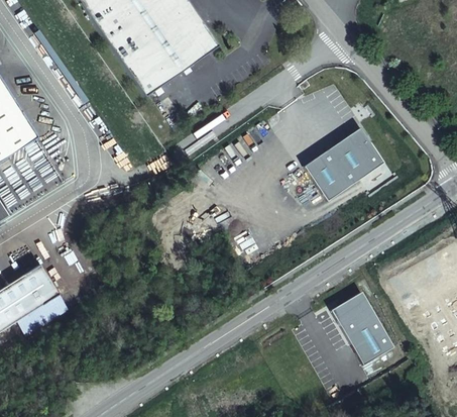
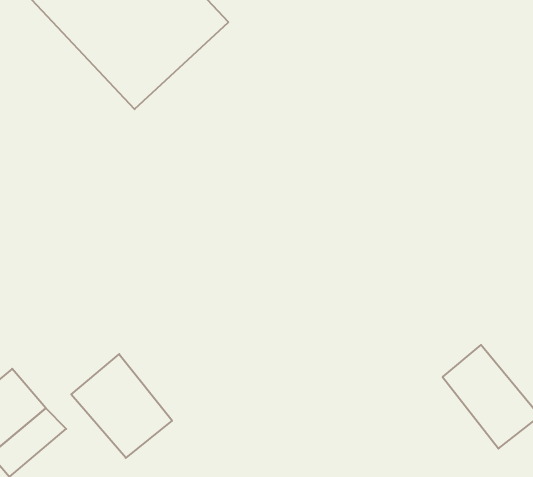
building: [305,127,385,201] -> none
building: none -> [71,354,172,458]

